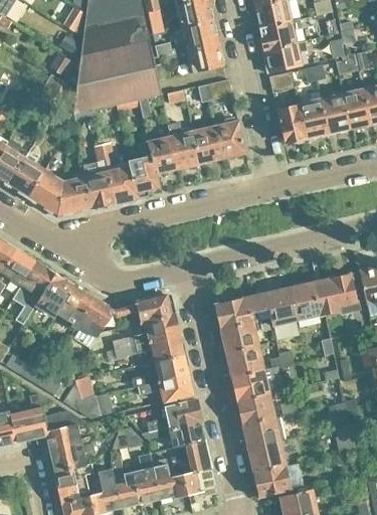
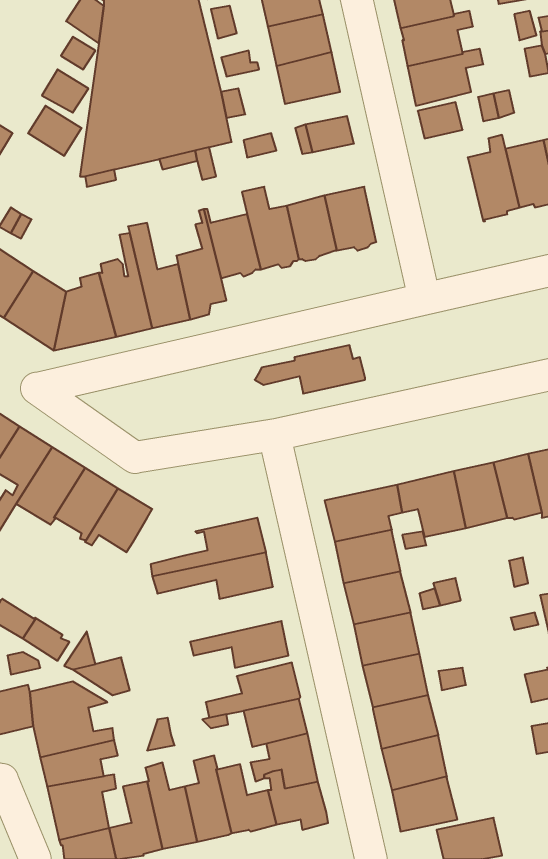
building: [275,104,307,144] -> none
building: [111,294,175,322] -> [255,345,365,394]
building: [134,354,189,386] -> none

